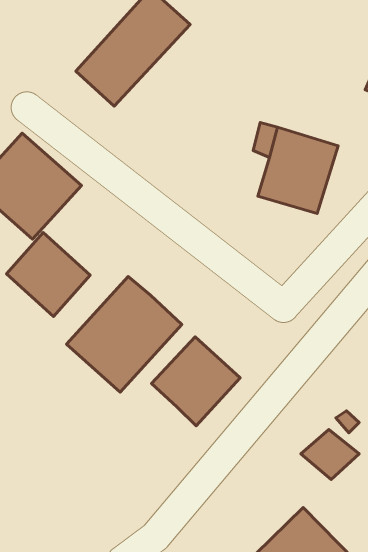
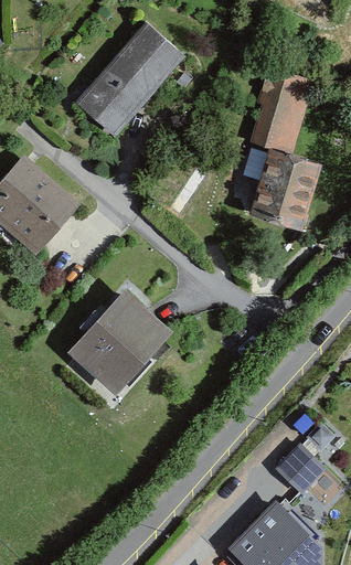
building: none -> [247,65,311,152]
building: [7,232,90,317] -> none
building: [152,337,240,426] -> none

